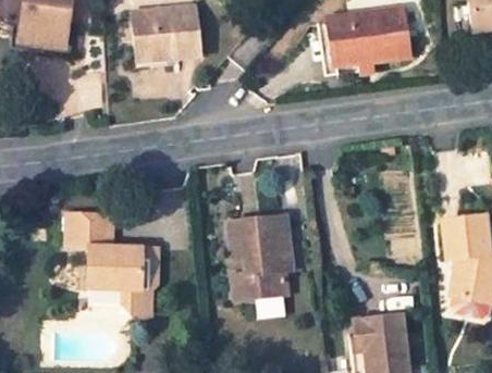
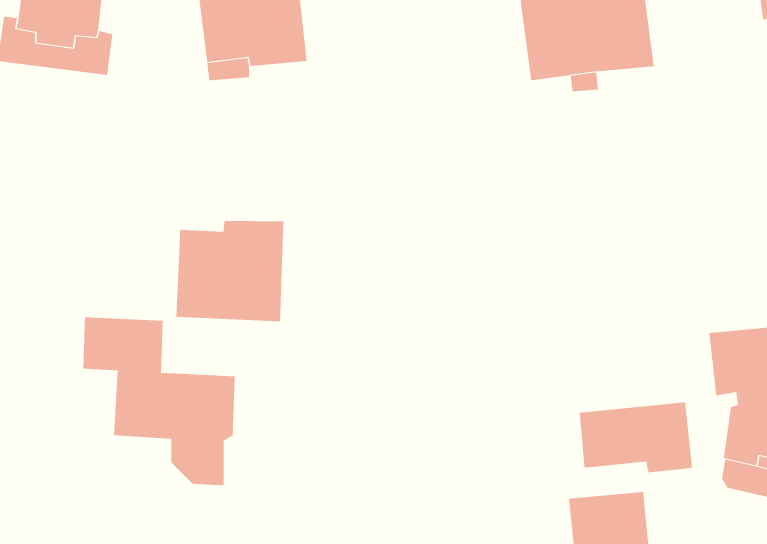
building: none -> [176,220,284,322]
building: [229,216,292,297] -> none
building: none -> [579,401,693,473]

